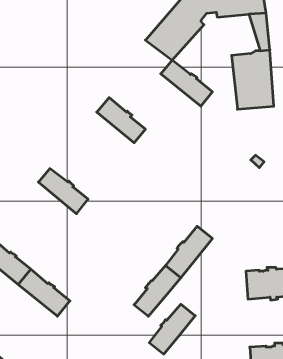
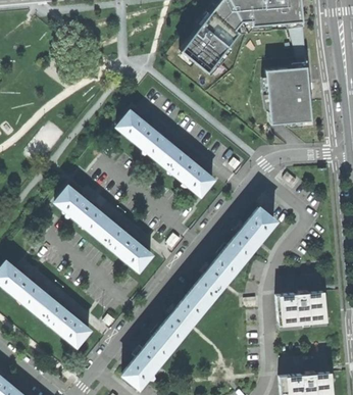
building: [161,60,212,106] -> [159,146,214,195]
building: none -> [226,208,276,262]
building: none -> [98,220,153,270]
building: [149,304,195,354] -> [125,333,174,386]

